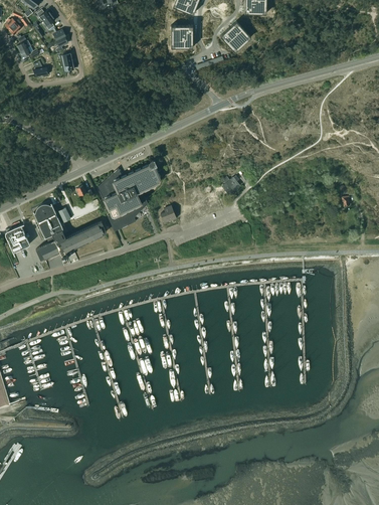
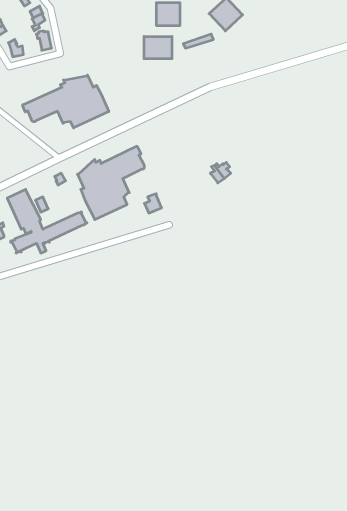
building: none -> [144,36,172,59]
building: none -> [23,75,109,128]

